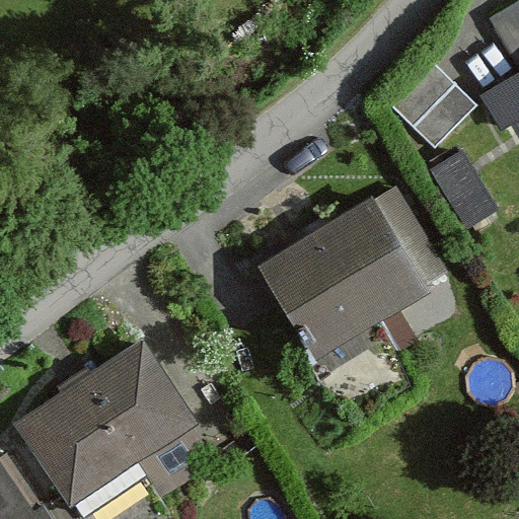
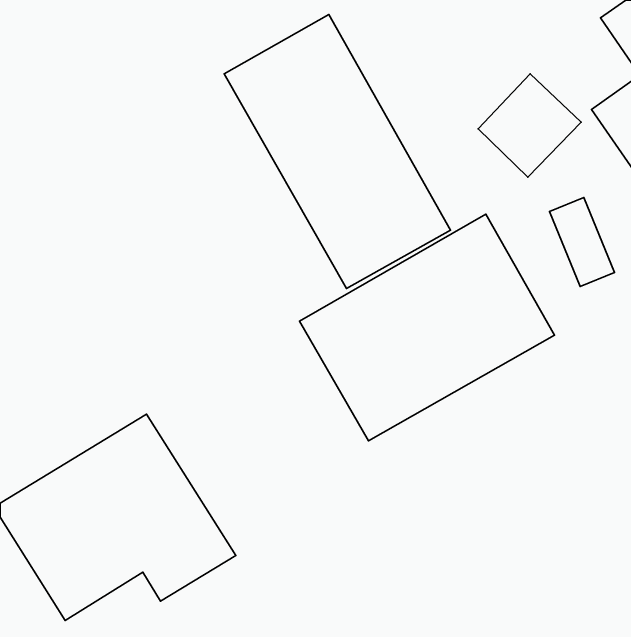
building: none -> [224,15,450,289]

